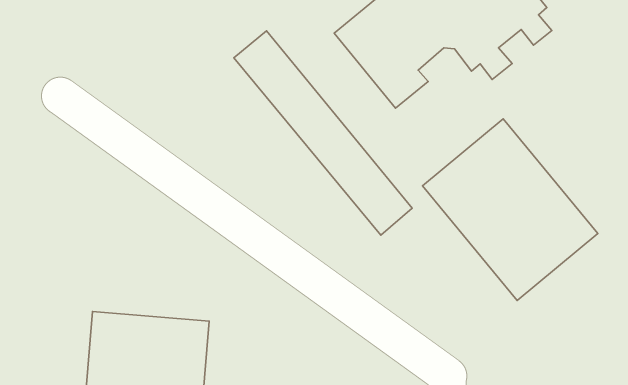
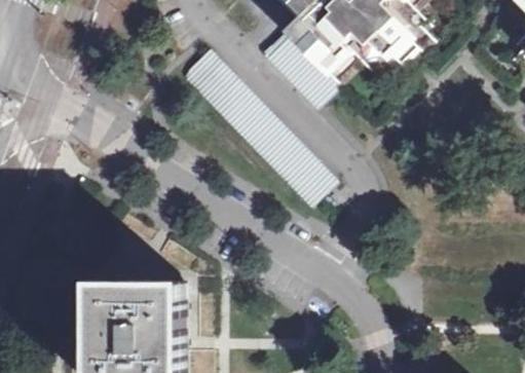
building: [422,119,598,300] -> none

